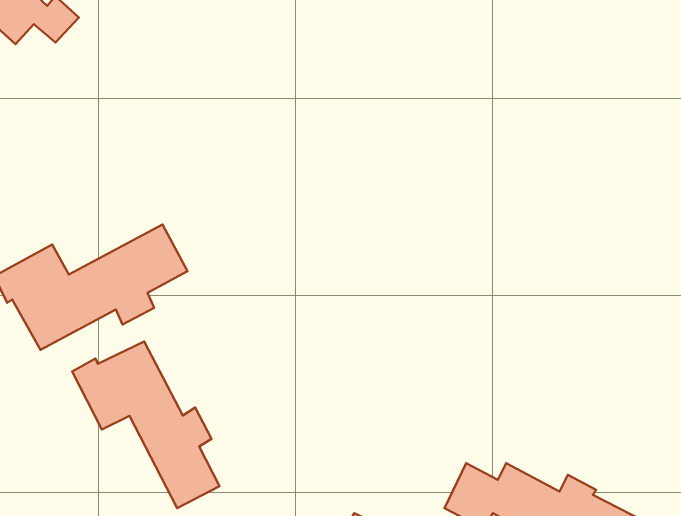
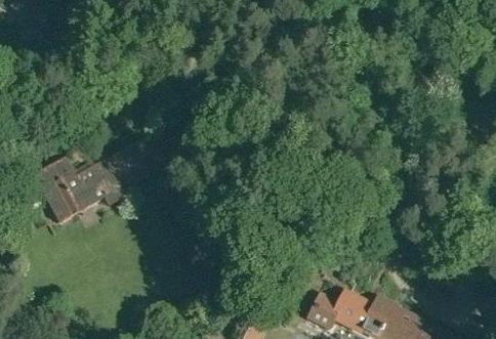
building: [72,341,219,508] -> none

